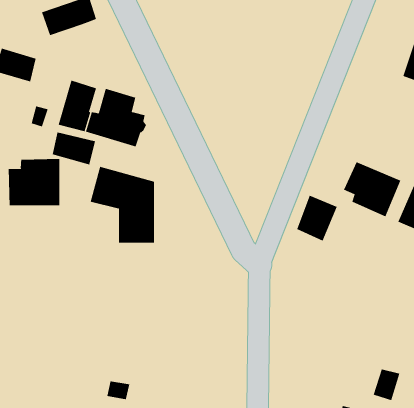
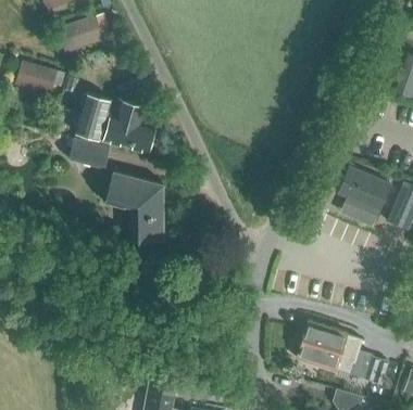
building: [8,158,60,206] -> none
building: [297,195,338,241] -> none
building: none -> [297,321,362,372]

